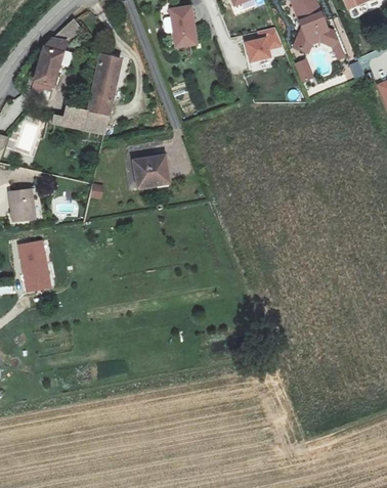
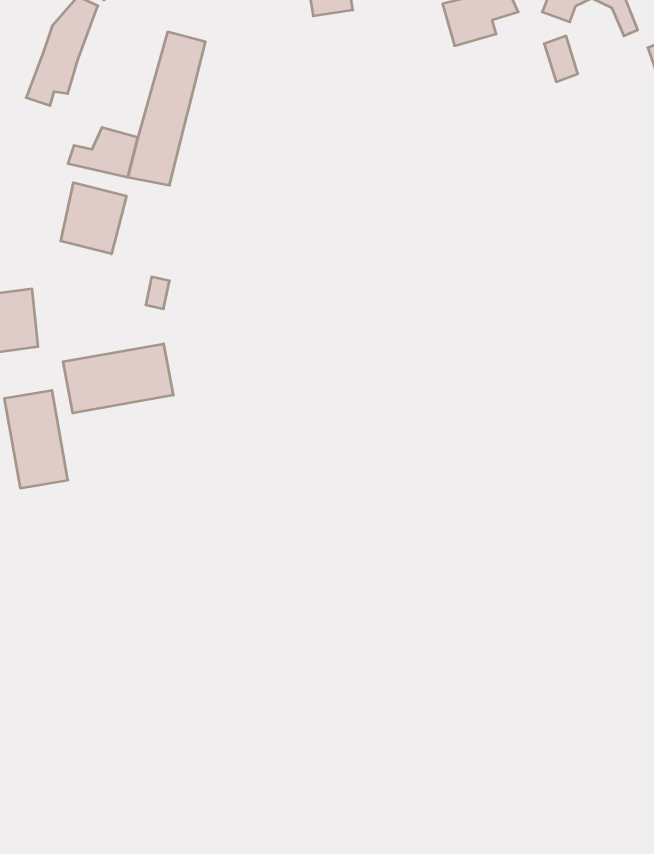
building: none -> [61,183,126,254]
building: [134,154,168,186] -> none
building: none -> [63,344,173,413]

